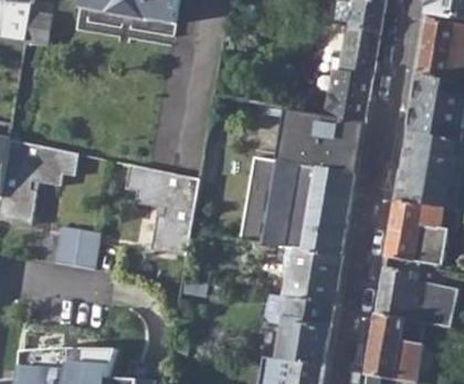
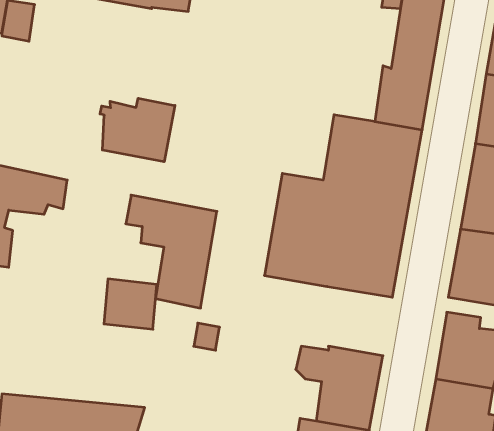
building: none -> [100,98,175,162]
building: [56,225,99,266] -> [104,279,157,329]
building: [282,247,338,303] -> none

